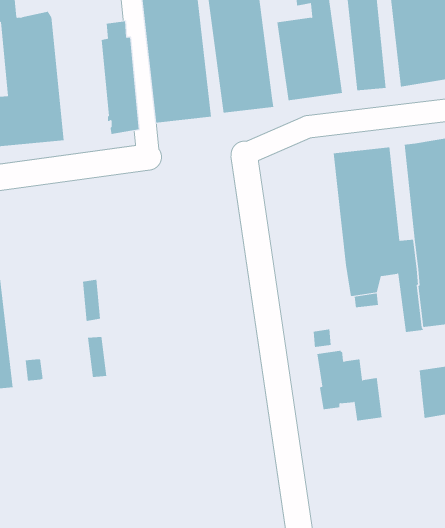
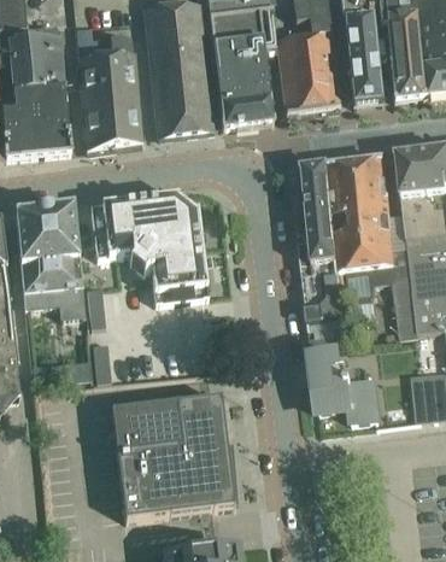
building: none -> [78,52,116,147]
building: none -> [299,163,344,321]
building: none -> [92,192,209,300]
building: none -> [16,204,86,316]
building: none -> [112,397,235,516]

